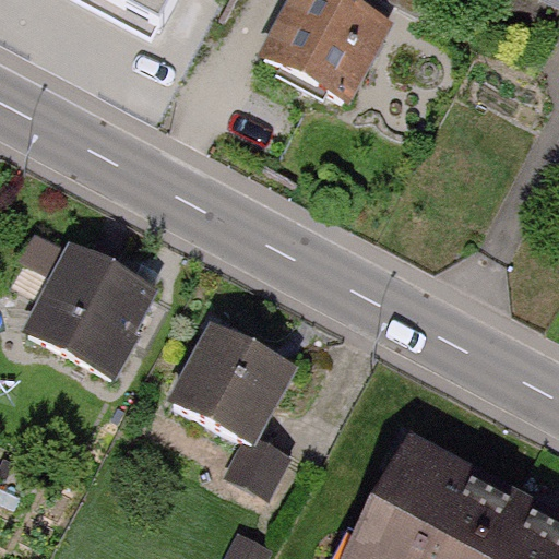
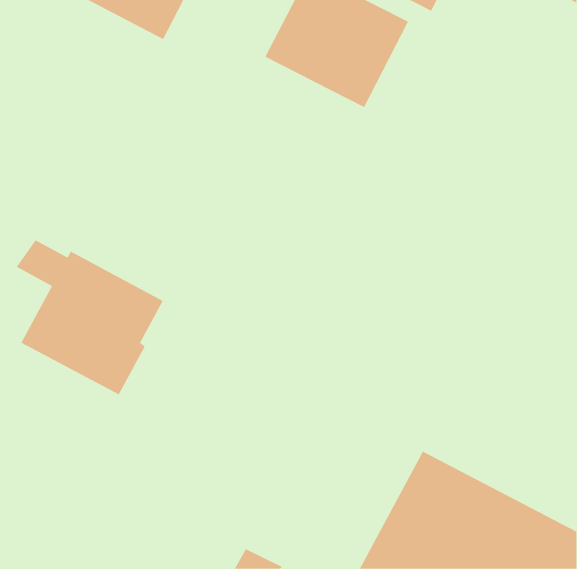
building: [167,320,298,498] -> none

